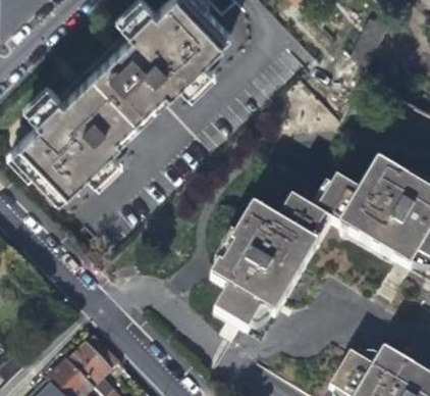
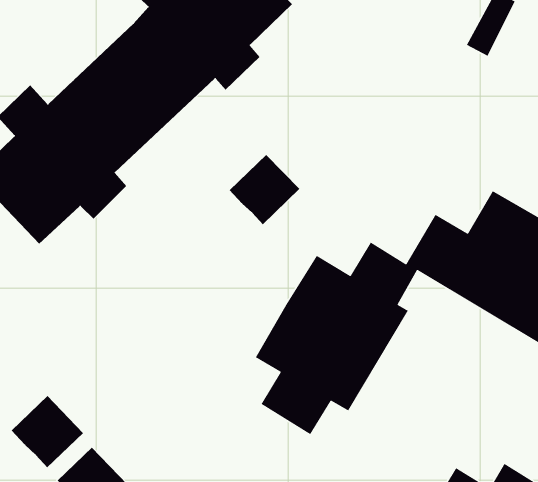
building: none -> [229,154,300,225]
building: none -> [11,395,84,468]

